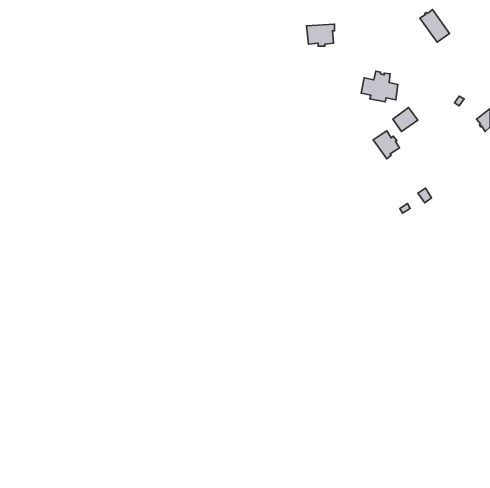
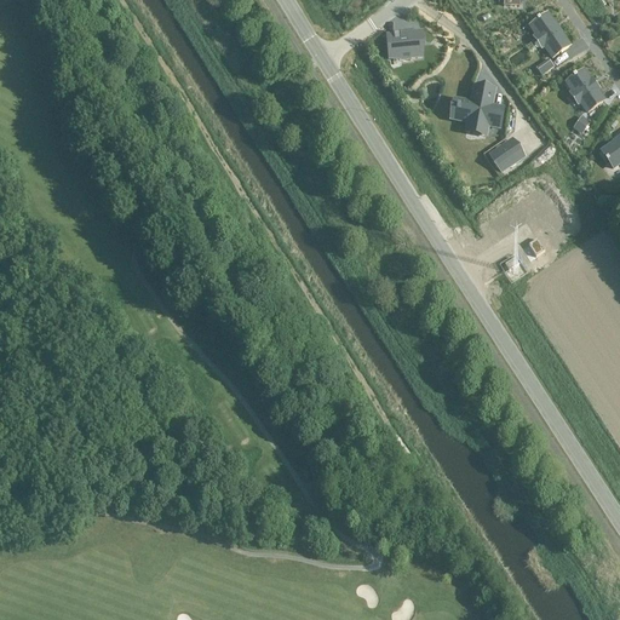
building: none -> [566,69,603,110]
building: [373,131,399,159] -> none

